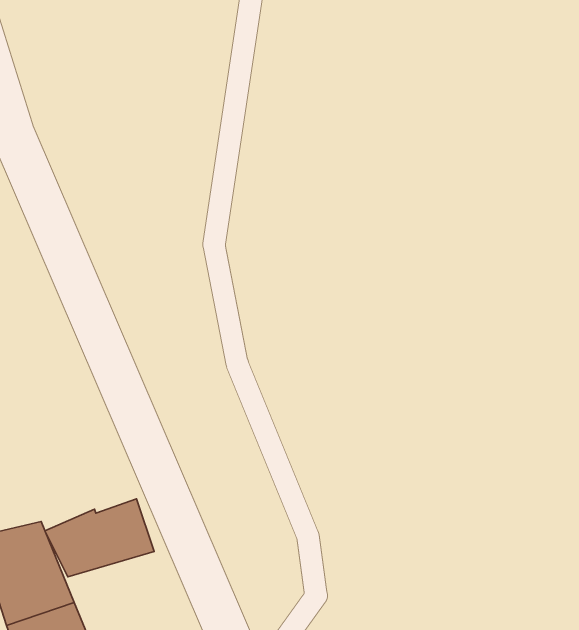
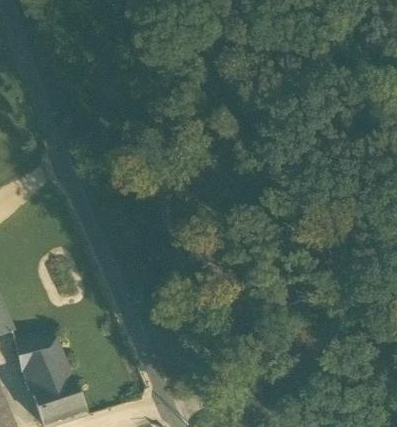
building: [45,499,154,577] -> none

